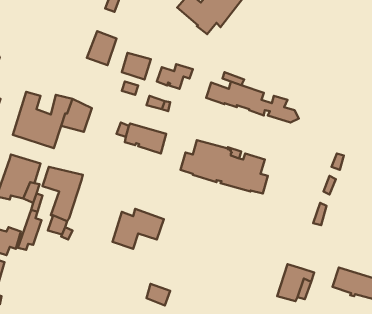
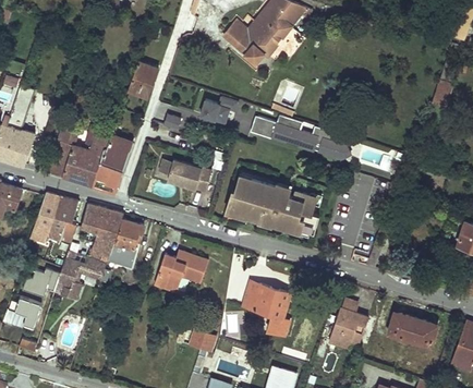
building: [122,53,151,79] -> none
building: none -> [92,161,123,192]
building: none -> [108,219,143,267]
building: none -> [243,281,289,335]

